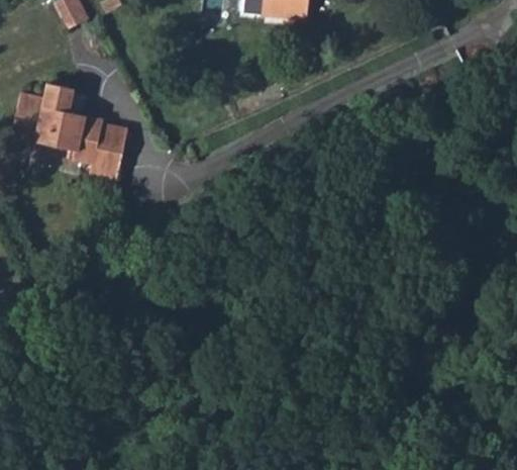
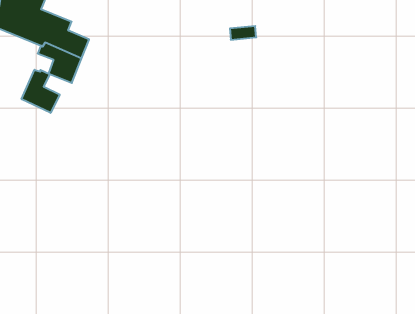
building: none -> [22,70,60,113]

